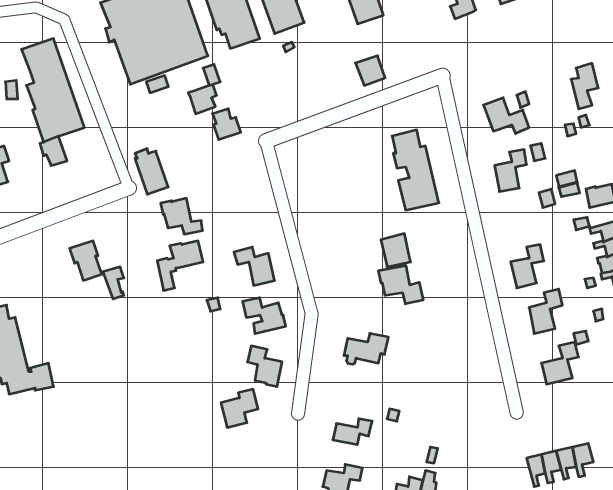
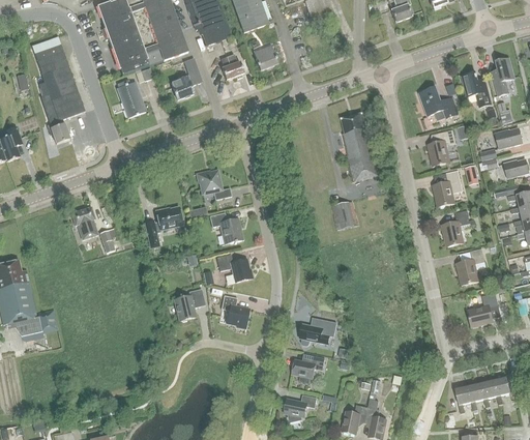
building: [355,56,385,85] -> [253,45,277,69]
building: none -> [462,71,491,107]
building: [212,109,241,140] -> [220,54,244,80]
building: none -> [495,127,522,148]
building: [135,149,168,194] -> [117,79,145,117]
building: none -> [433,170,463,205]
building: [161,198,203,234] -> [196,169,231,199]
building: [379,265,423,304] -> none
building: [344,333,388,364] -> [299,319,336,345]
building: [221,389,258,427] -> [174,288,205,320]

